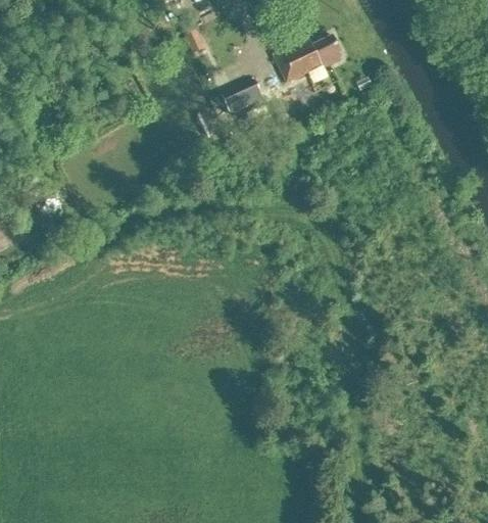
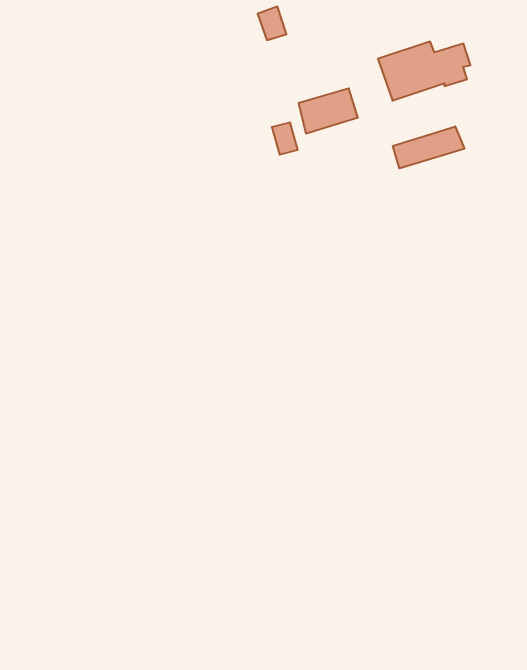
building: none -> [393,126,464,168]

